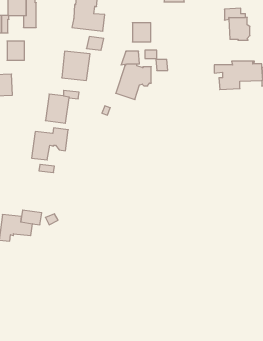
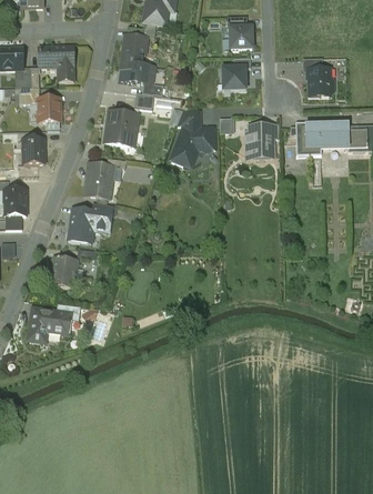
building: [132,23,151,42] -> [224,63,246,87]
building: none -> [245,128,279,158]
building: none -> [50,256,77,286]

